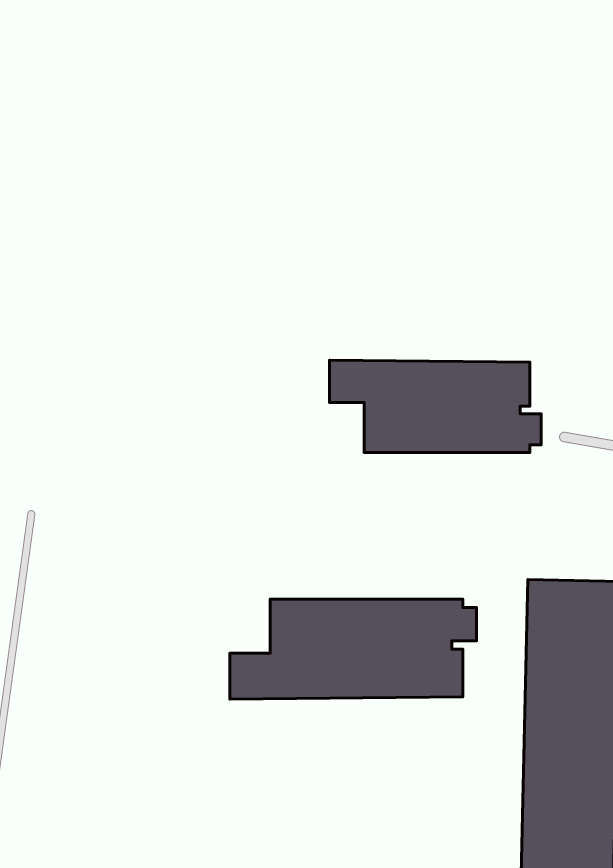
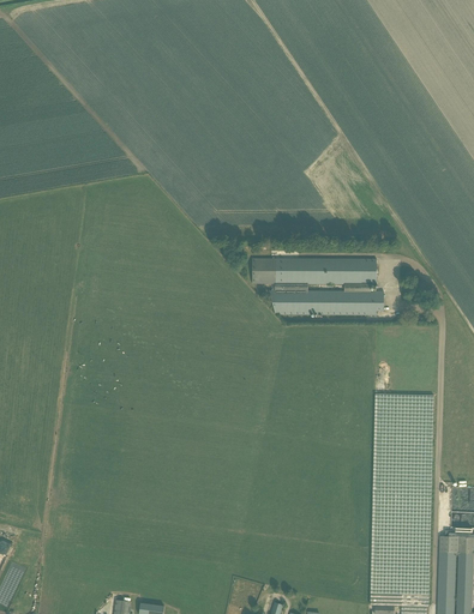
building: [230,599,476,699] -> none

